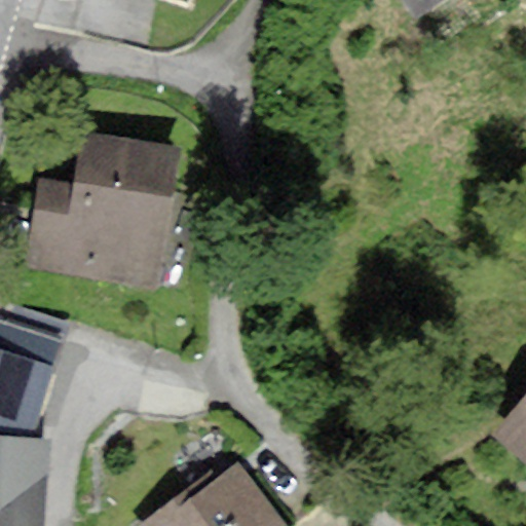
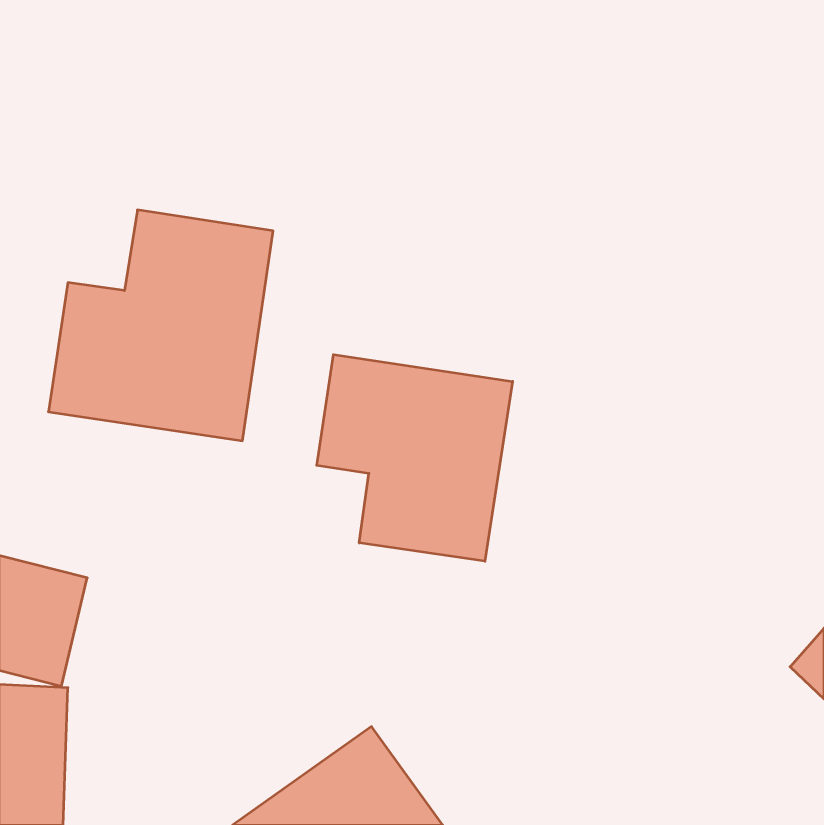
building: none -> [317,355,513,561]

